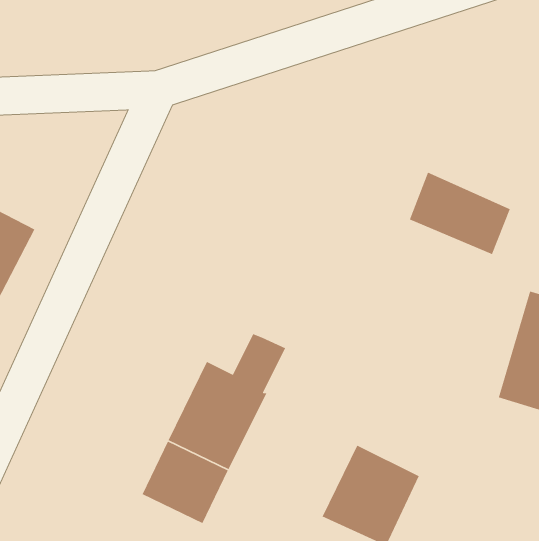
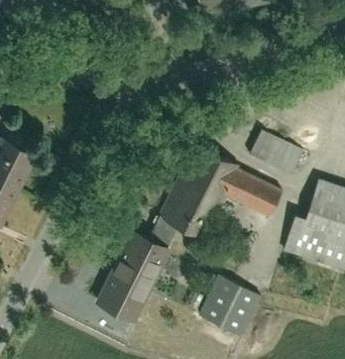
building: none -> [164,145,282,237]

